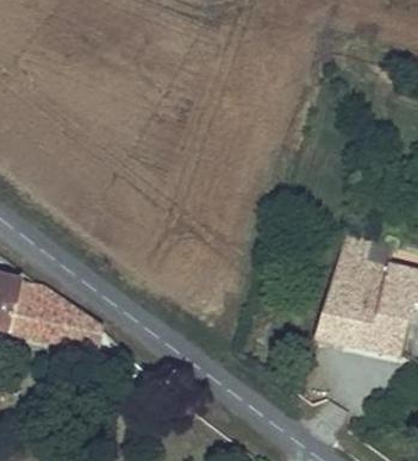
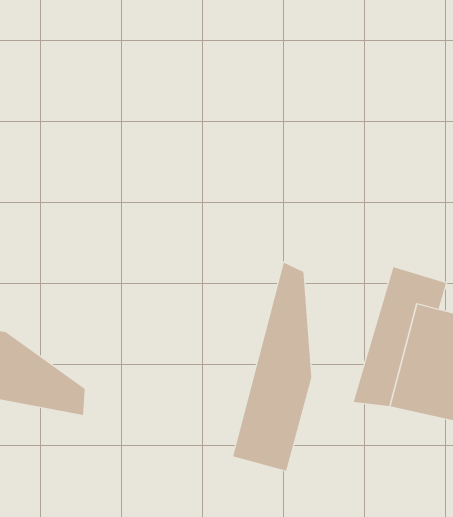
building: none -> [232,262,312,471]

